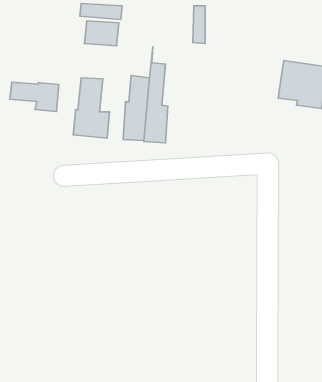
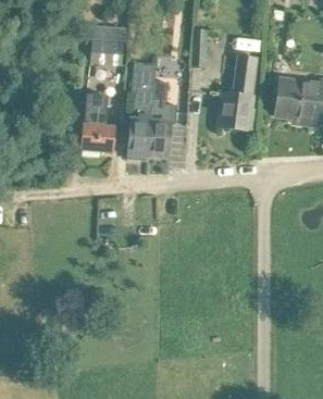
building: none -> [219,55,257,129]
building: none -> [131,63,156,95]
building: [10,82,59,111] -> none

